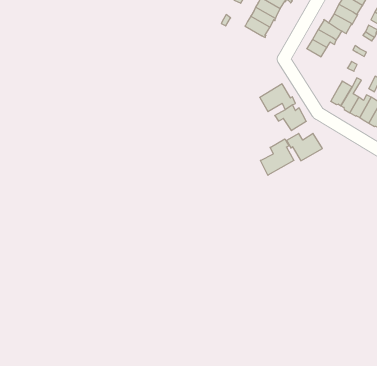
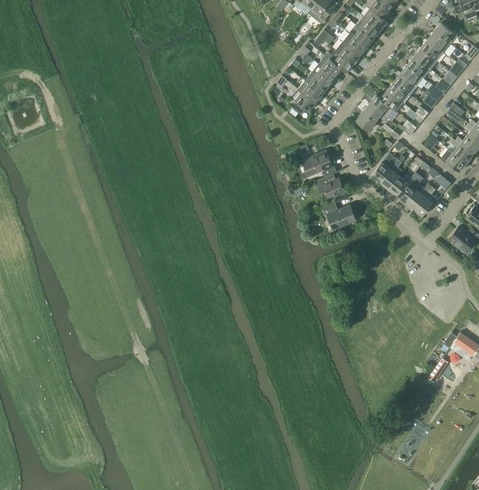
building: none -> [290,84,317,115]
building: [260,139,294,175] -> none

